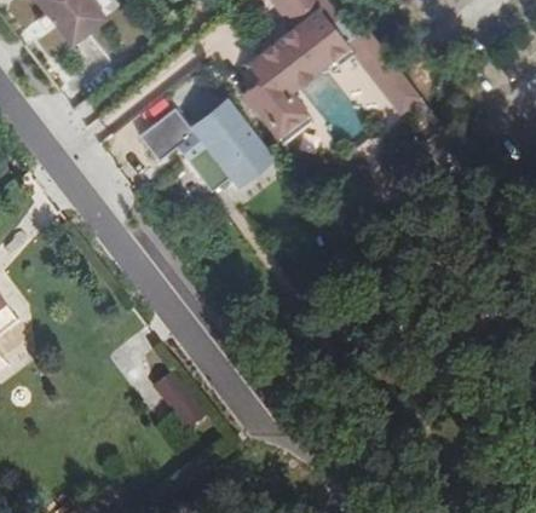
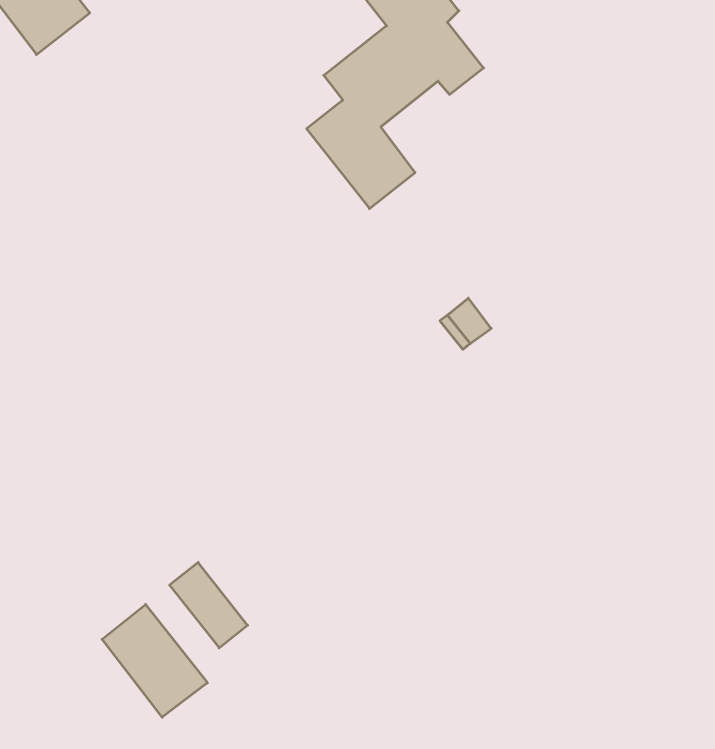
building: [139,102,271,191] -> none
building: none -> [102,604,207,717]

